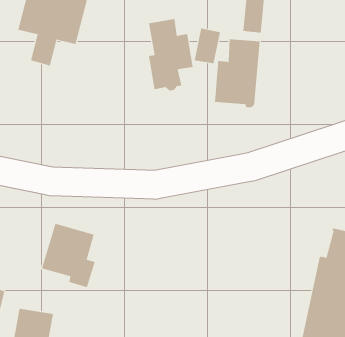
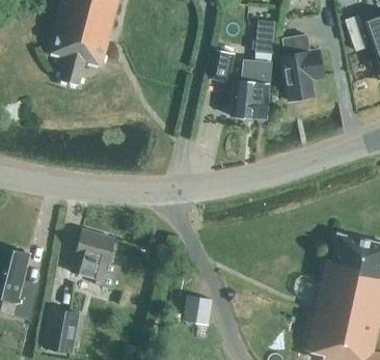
building: [148,19,193,91] -> [282,34,324,101]
building: none -> [182,294,211,324]

